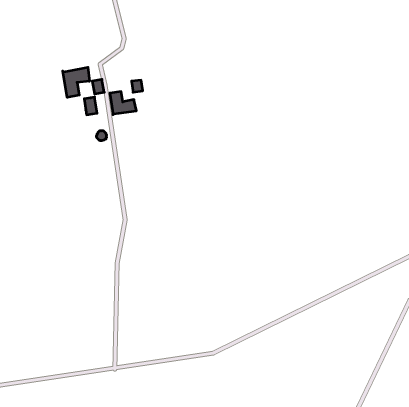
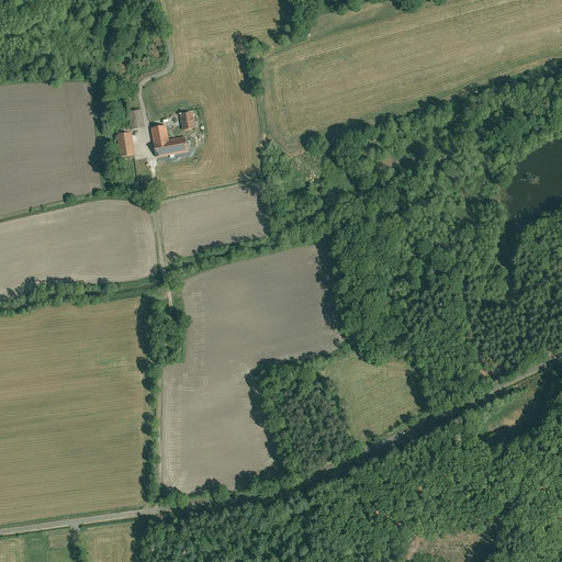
building: [63,67,89,97] -> none

